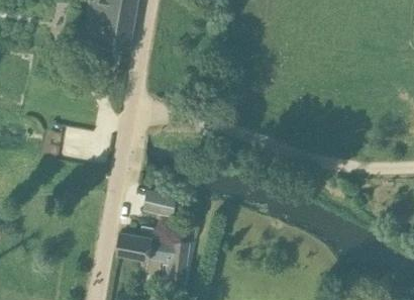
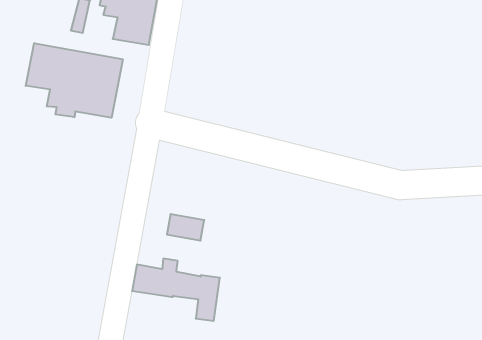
building: none -> [26,43,123,118]

